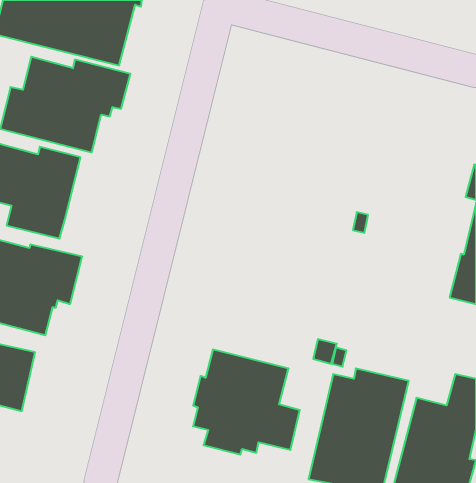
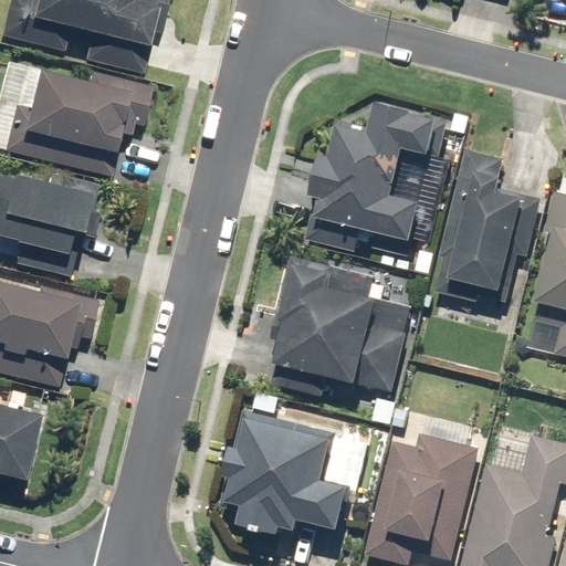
building: none -> [301,97,448,252]
building: none -> [434,151,539,303]
building: none -> [273,255,411,394]

